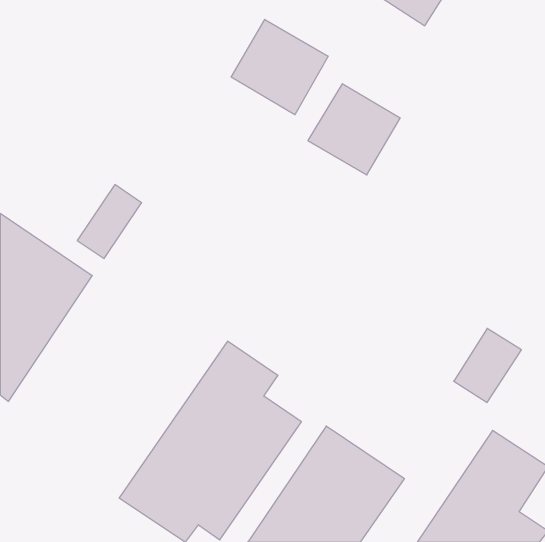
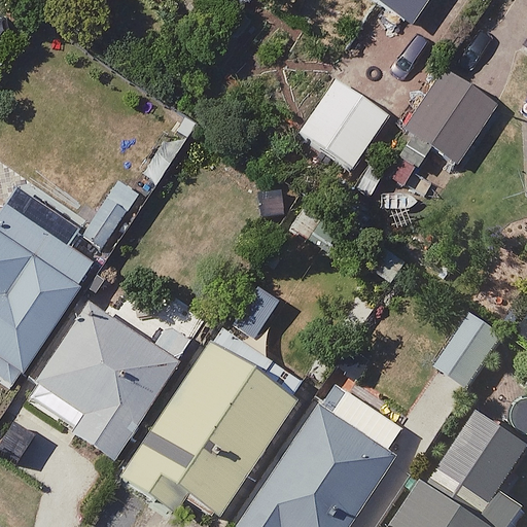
building: [231,19,328,115] -> none
building: none -> [408,76,493,163]
building: none -> [28,268,209,462]

